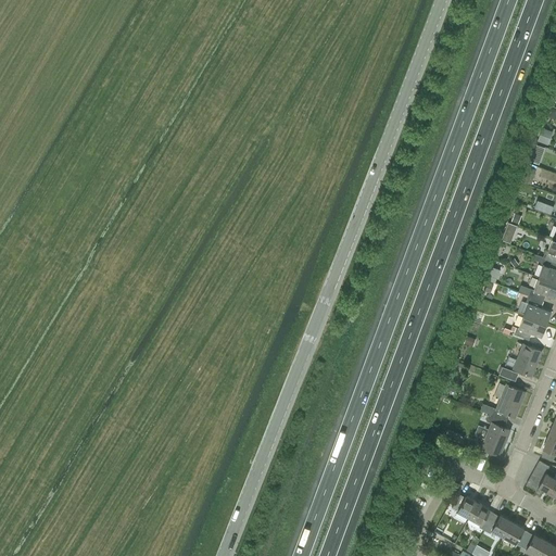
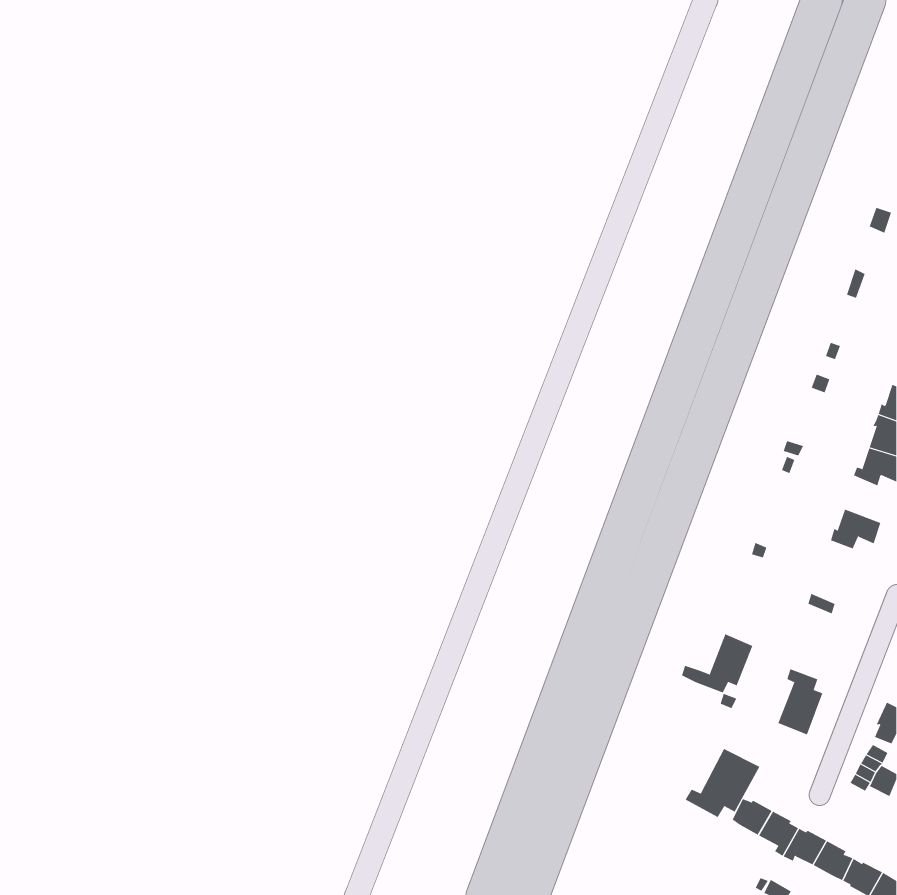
building: [522,295,551,325] -> none
building: [514,345,541,376] -> none
building: [480,384,525,421] -> [681,634,753,693]
building: none -> [685,748,760,818]

